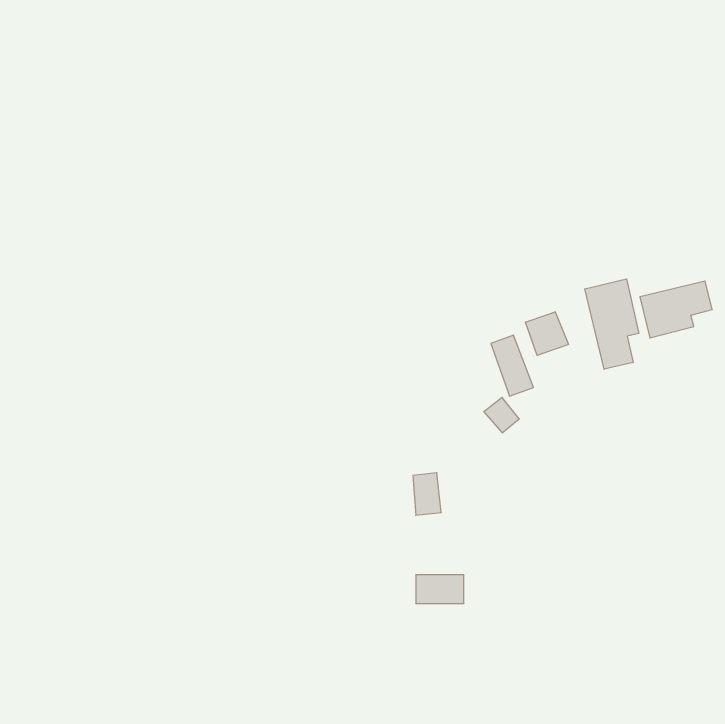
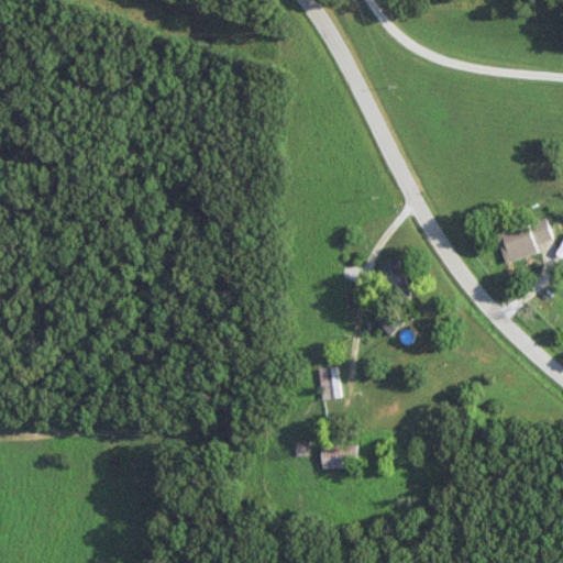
building: [585,279,639,369] -> none
building: [525,312,569,355] -> none

